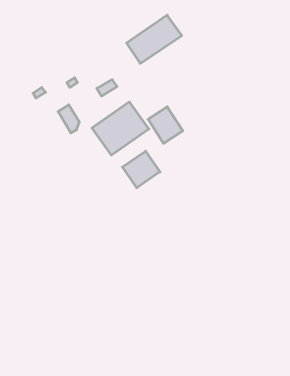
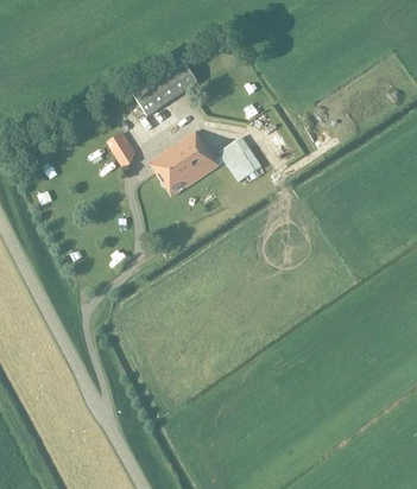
building: [127,15,182,63] -> [131,57,198,116]
building: [122,151,160,188] -> none

